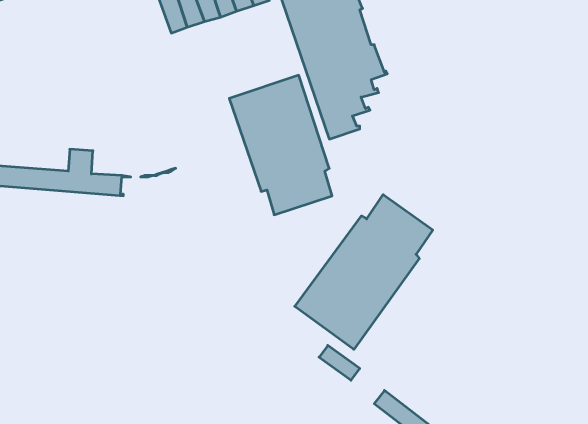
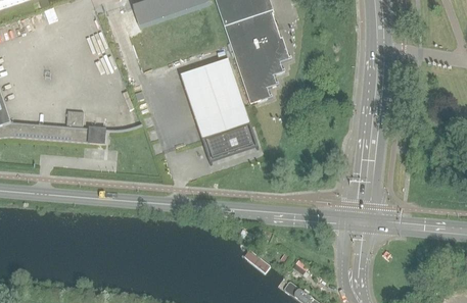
building: [295,195,433,349] -> none

